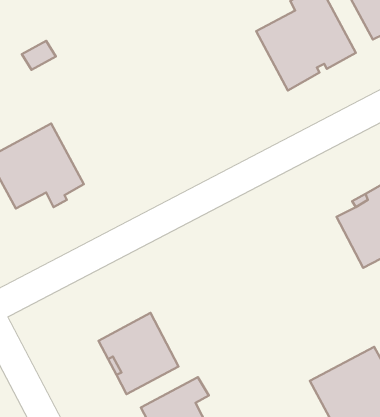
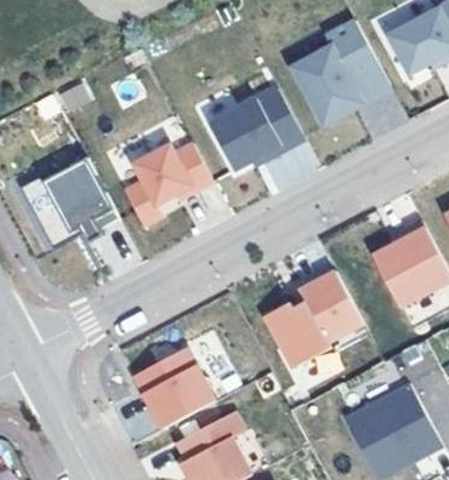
building: none -> [209,88,303,171]
building: none -> [123,142,211,224]
building: none -> [263,273,363,370]

